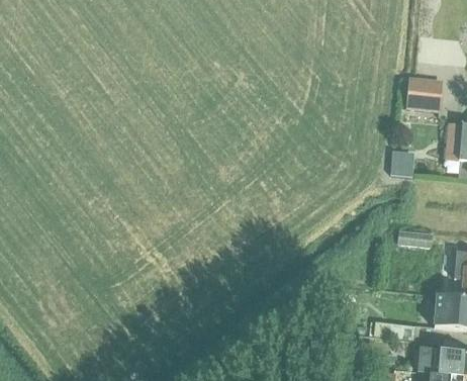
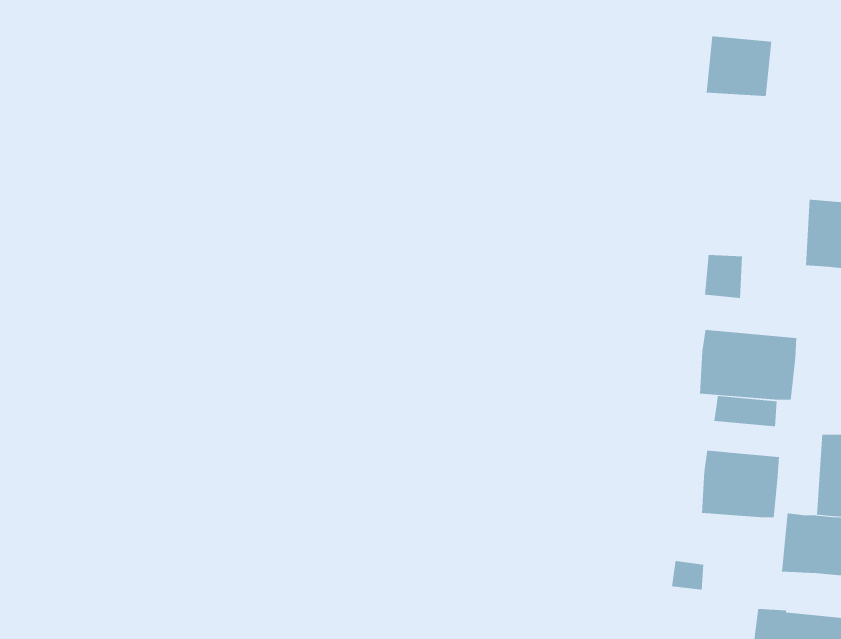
building: [404,76,441,109] -> [706,36,772,96]
building: none -> [699,329,797,400]
building: none -> [701,450,779,518]

